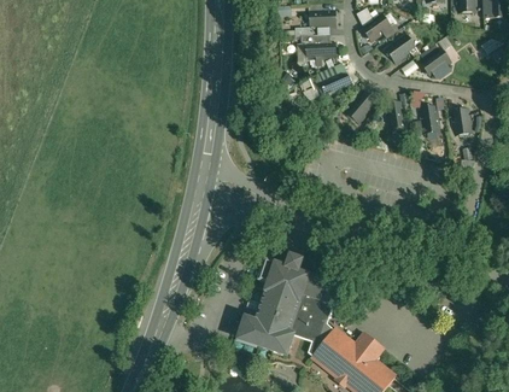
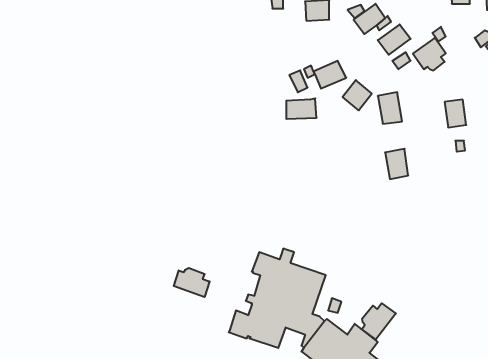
building: [306,40,337,60] -> [286,98,317,119]
building: [419,104,441,134] -> [385,149,408,179]
building: none -> [174,268,210,297]
building: none -> [362,303,396,340]

